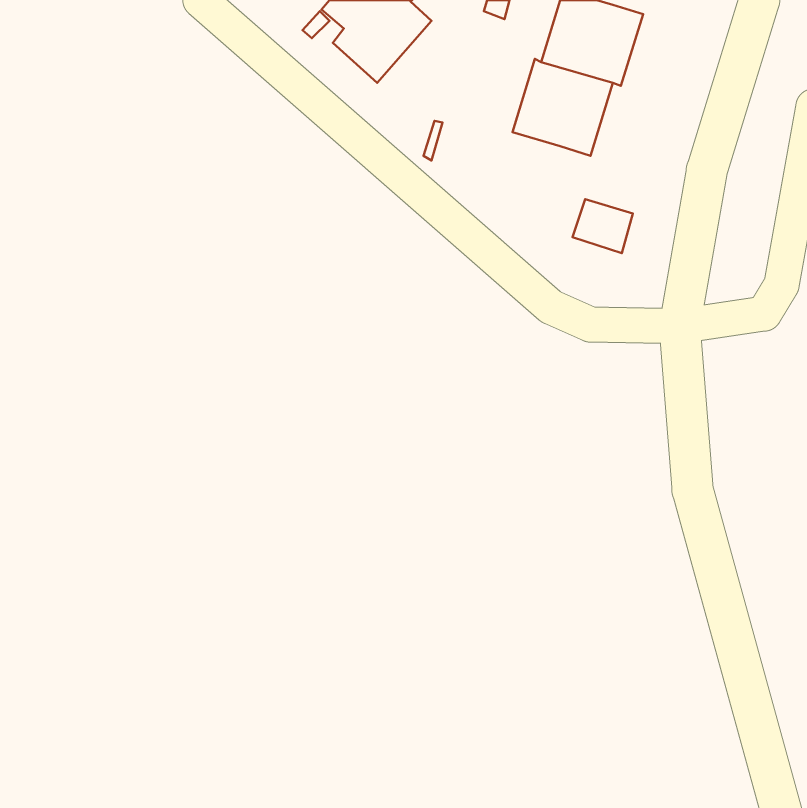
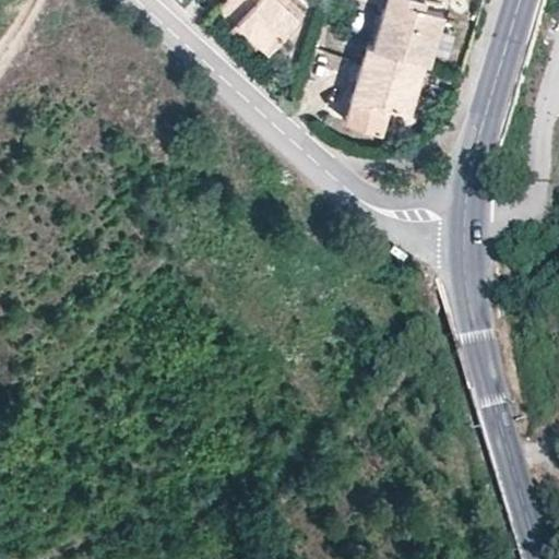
building: [572,199,633,253] -> [347,94,389,131]

